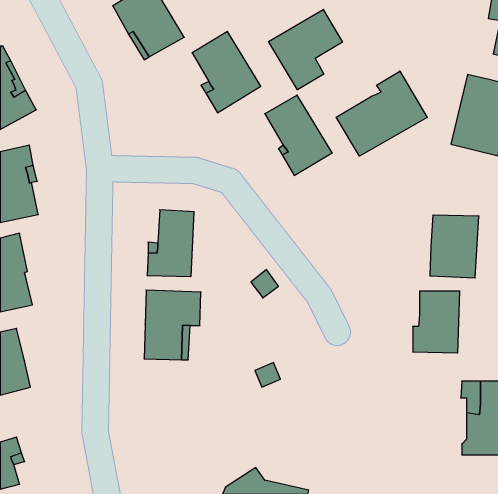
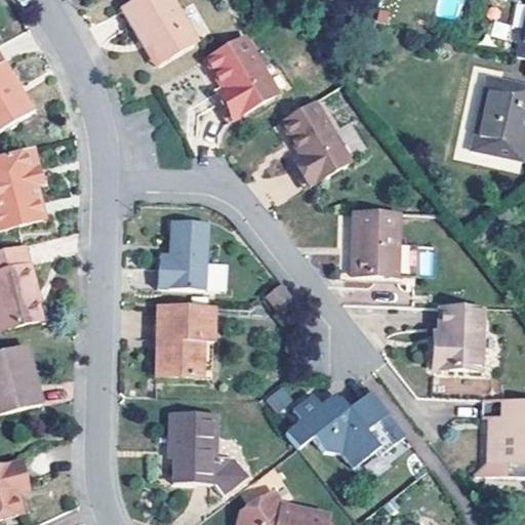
building: [269,9,342,90] -> none
building: [336,71,427,156] -> none
building: [430,215,479,278] -> [351,210,402,276]
building: none -> [283,387,402,463]
building: none -> [168,412,246,493]

